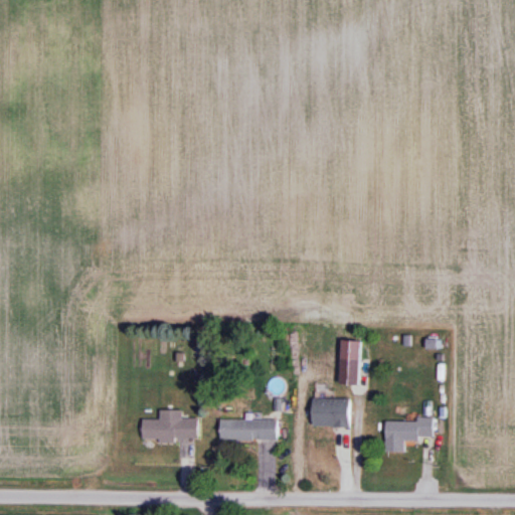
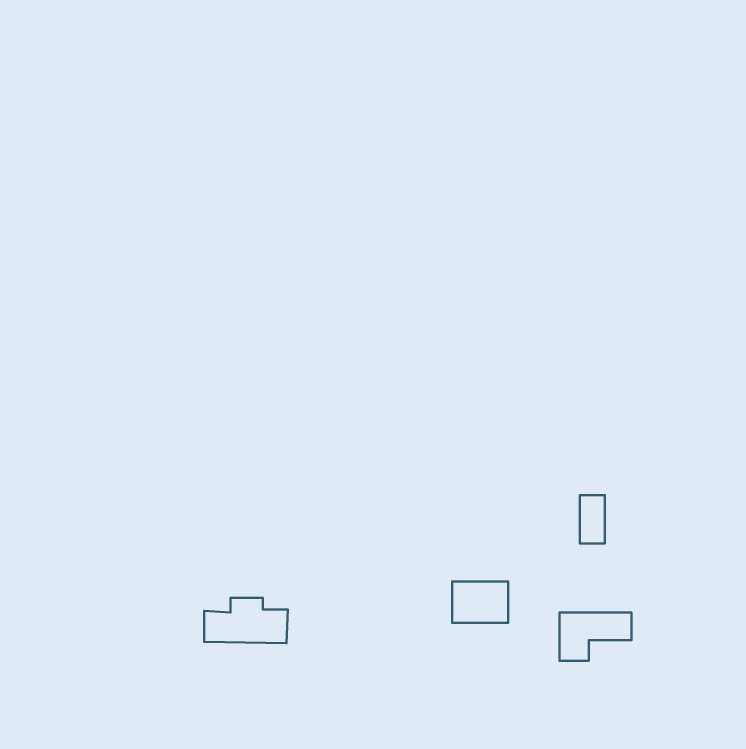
building: [340,352,357,385] -> [580,495,605,544]
building: [218,419,277,440] -> none

